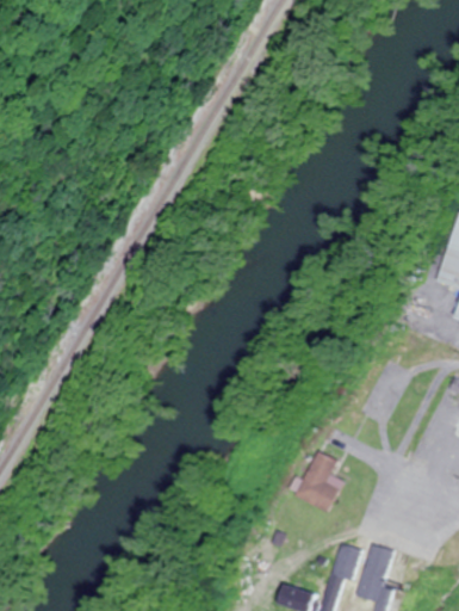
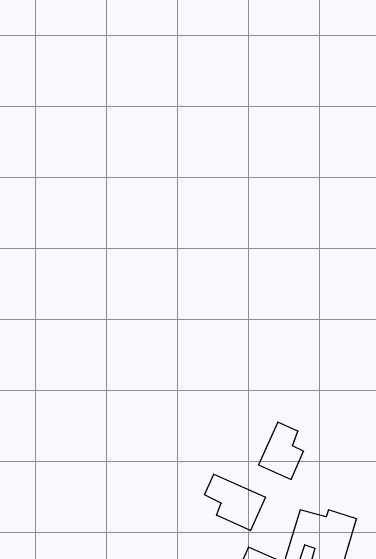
building: none -> [204,474,265,531]

